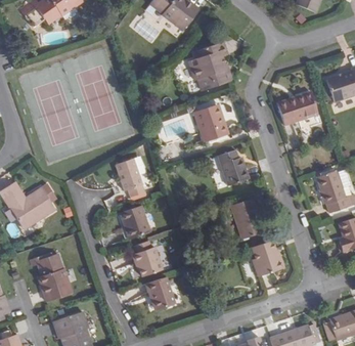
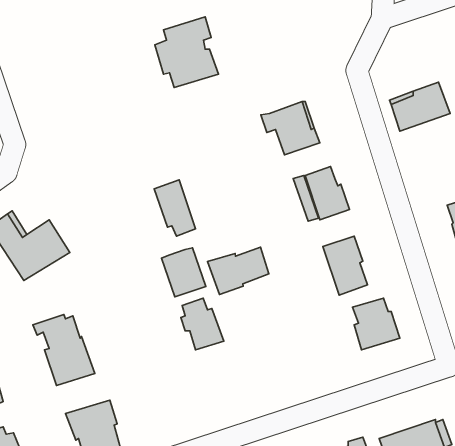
building: [188,41,232,90] -> [155,17,218,88]
building: none -> [208,247,269,294]
building: [145,276,175,308] -> none

